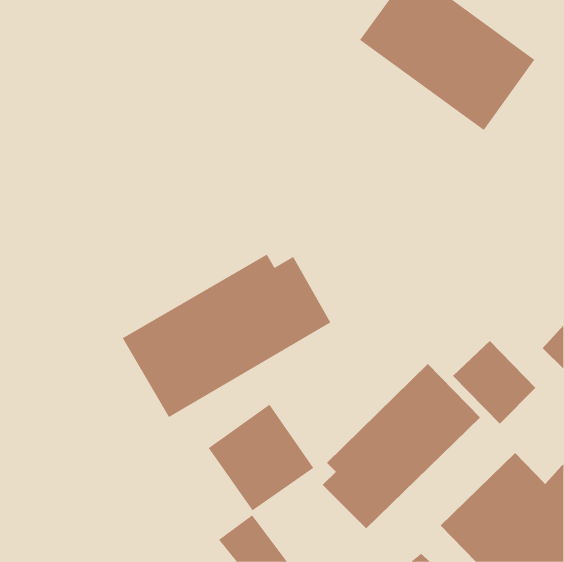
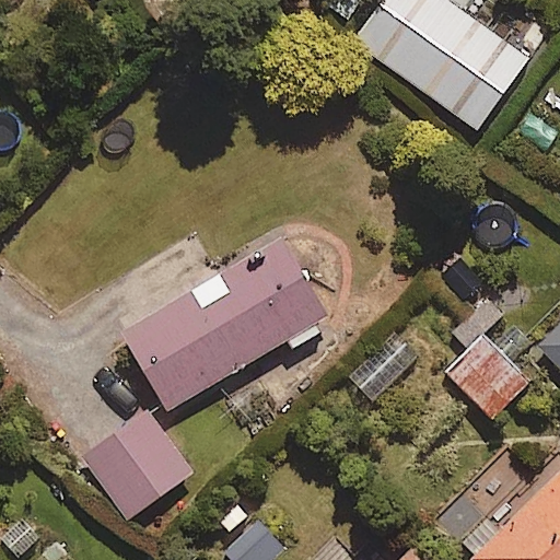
building: [322,363,481,529] -> none
building: [208,404,314,511] -> [85,413,190,520]

